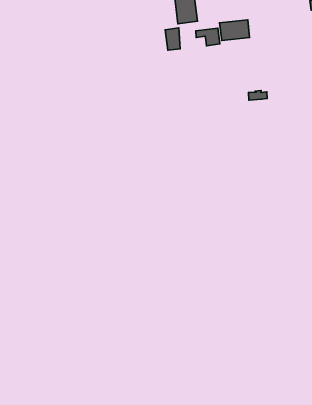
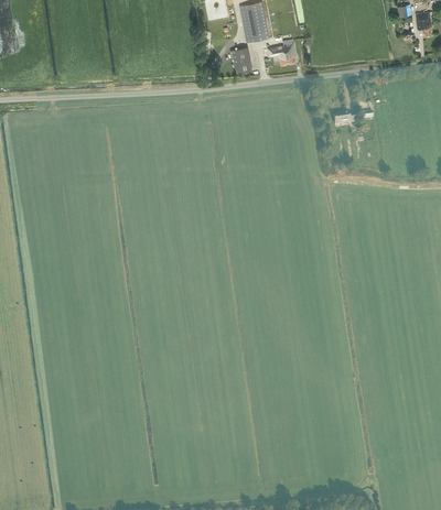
building: [220,20,249,40] -> none

